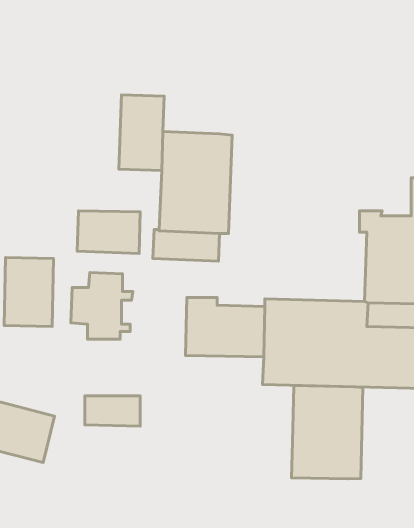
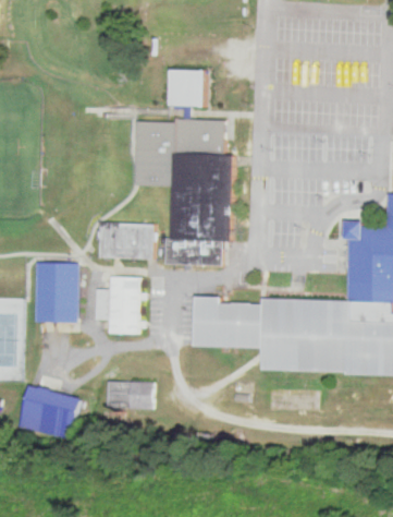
building: none -> [169,70,202,106]
building: none -> [173,117,224,155]
building: [291,385,363,479] -> none

